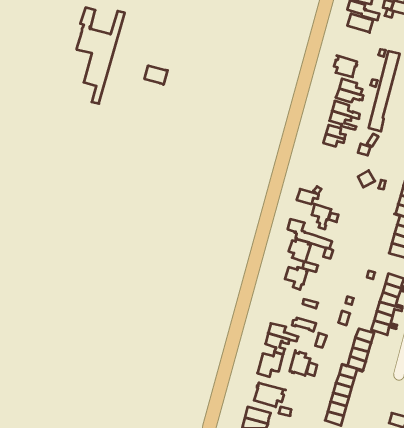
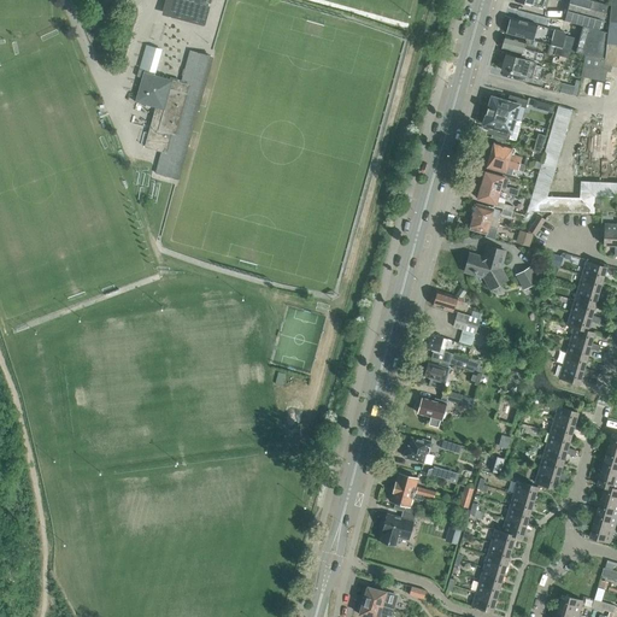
building: none -> [487,95,528,119]
building: [145,66,168,85] -> none
building: none -> [465,247,509,290]
building: none -> [404,437,434,465]
building: [290,350,310,376] -> none
building: [254,383,286,407] -> none

